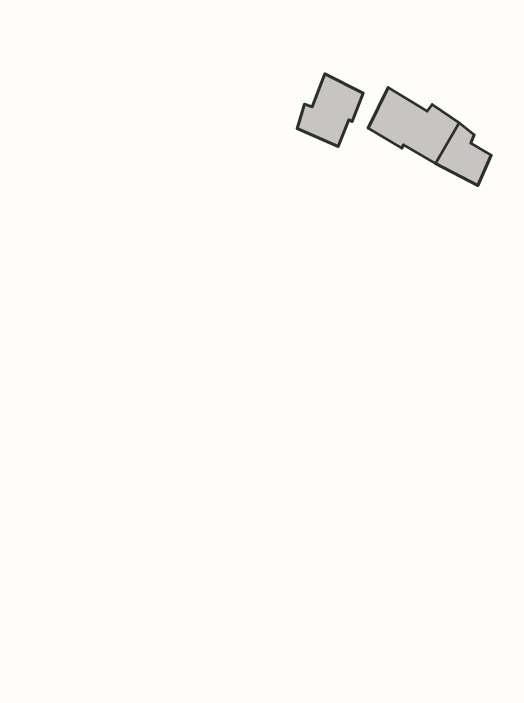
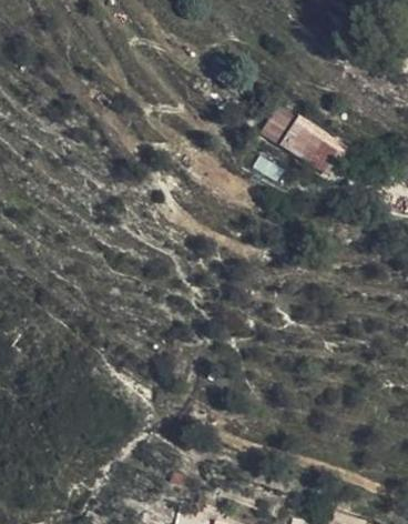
building: [297,74,363,146] -> none

